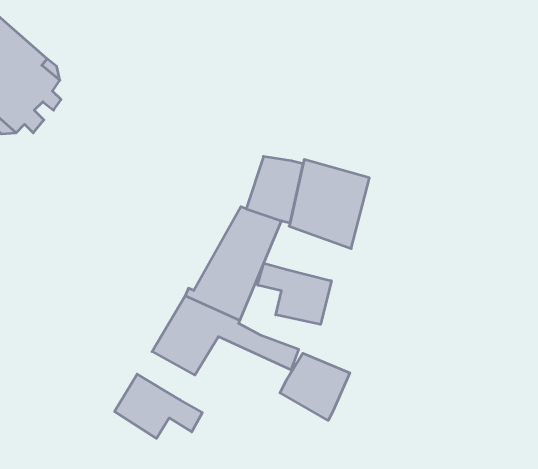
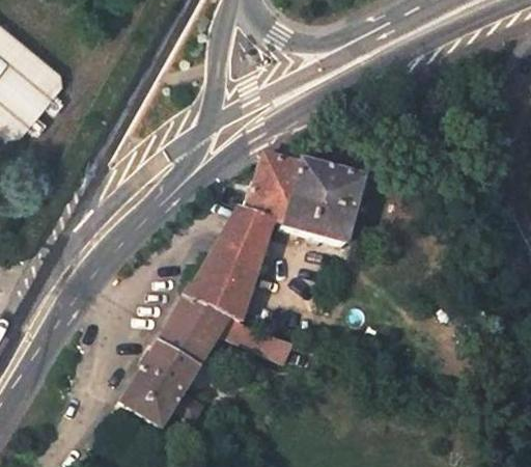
building: [258,263,331,324] -> none
building: none -> [138,346,194,392]
building: [280,353,350,420] -> none

